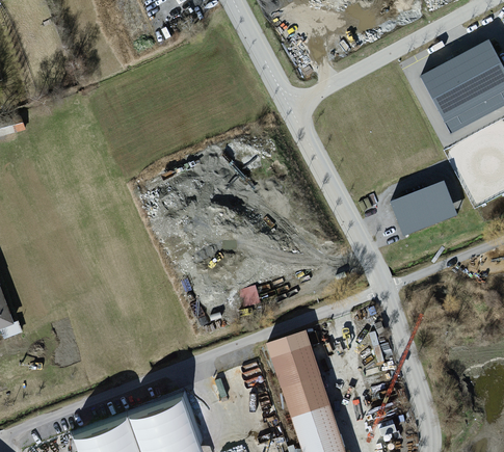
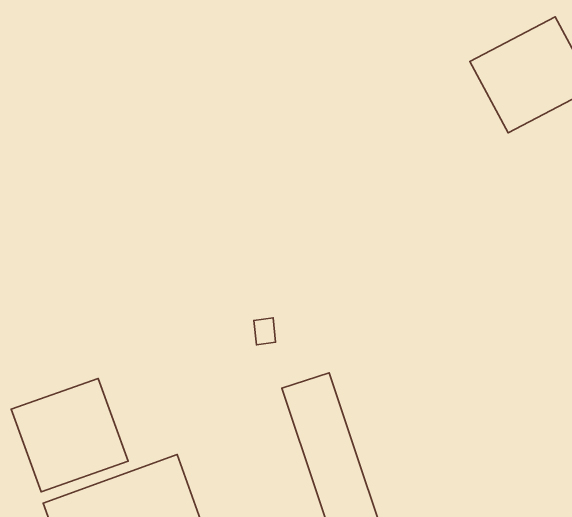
building: [390,181,457,236] -> none
building: none -> [11,379,128,492]

